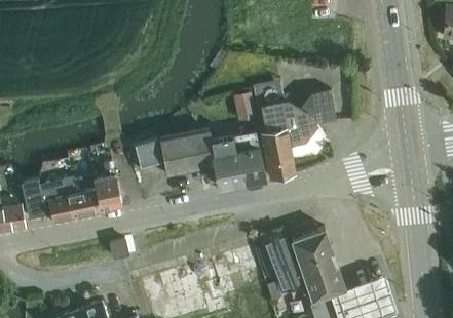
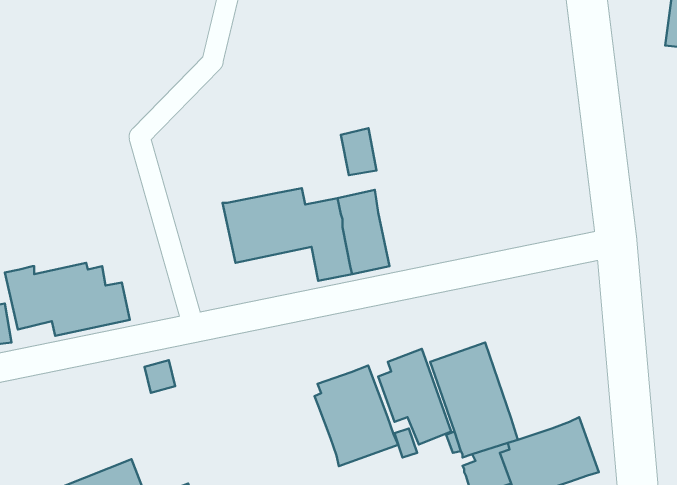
building: [257,90,336,180] -> none
building: [130,138,163,172] -> none
building: [93,162,122,212] -> none
building: none -> [315,365,398,466]

